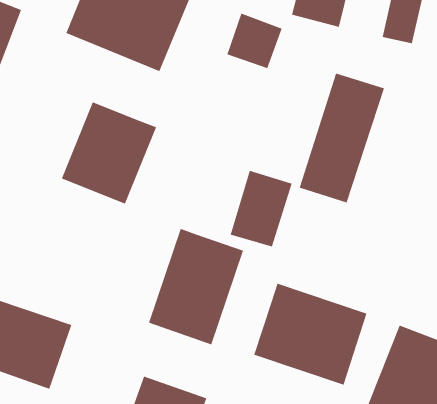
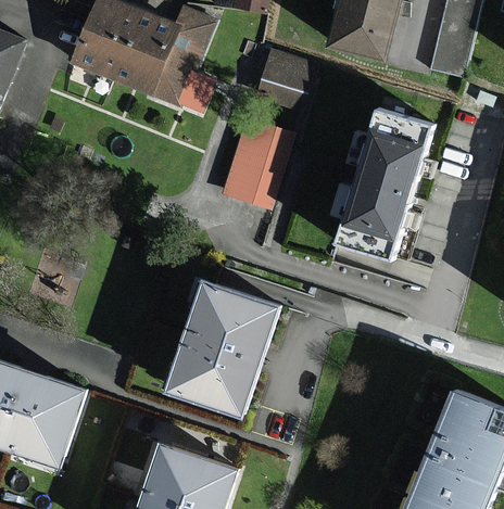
building: [61,101,157,204] -> none
building: [230,170,293,247] -> [224,117,294,204]
building: [253,283,367,386] -> none

